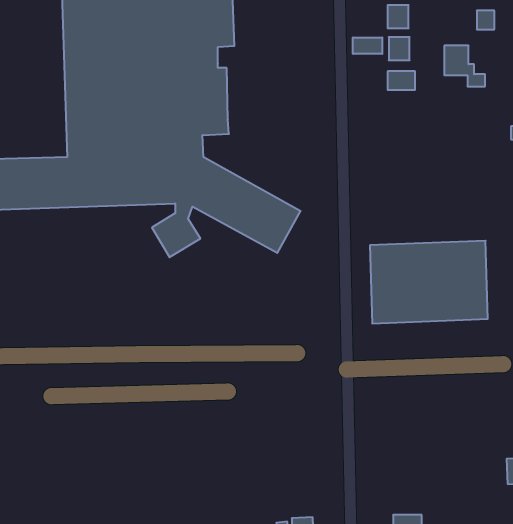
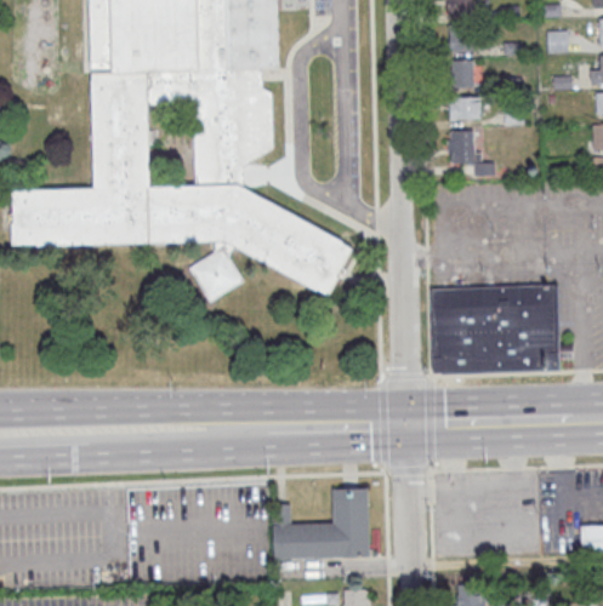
building: [353,37,382,54] -> none
building: [444,46,485,86] -> [448,130,493,175]
building: none -> [273,486,369,558]

